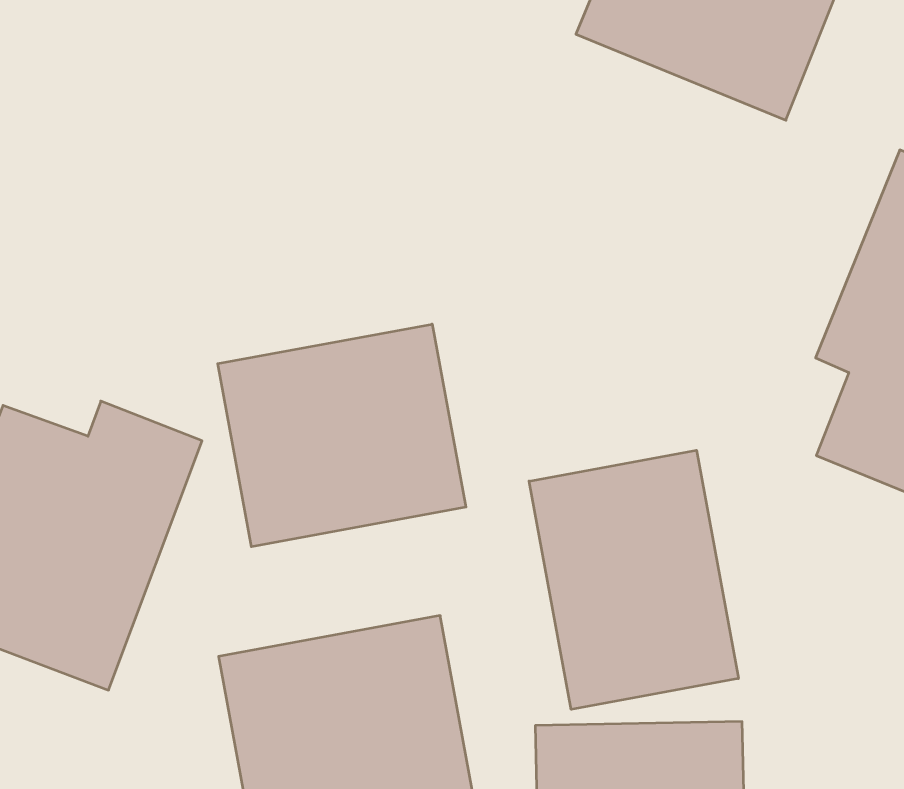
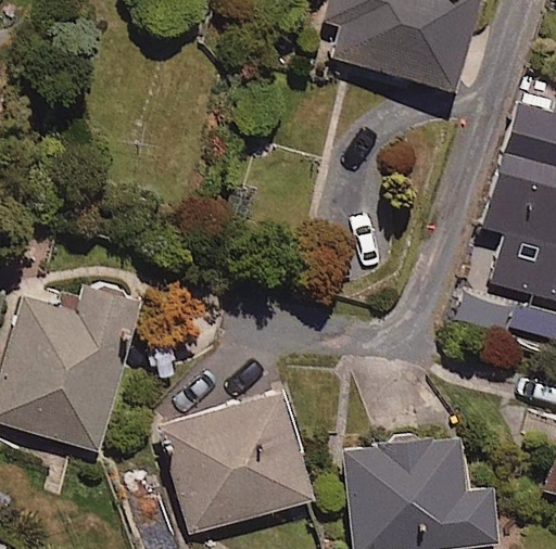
building: [218,324,466,547] -> none
building: [529,450,738,709] -> none

